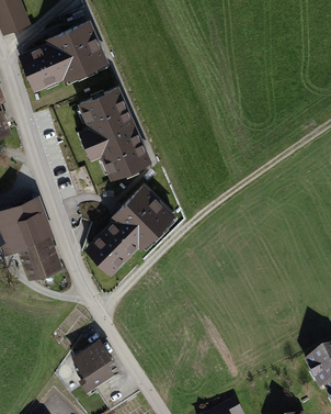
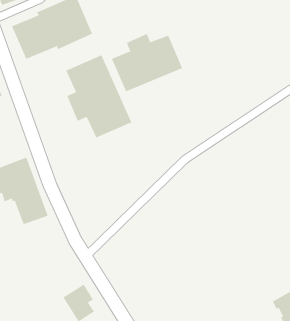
building: none -> [111,33,183,92]
building: [87,183,178,276] -> none

